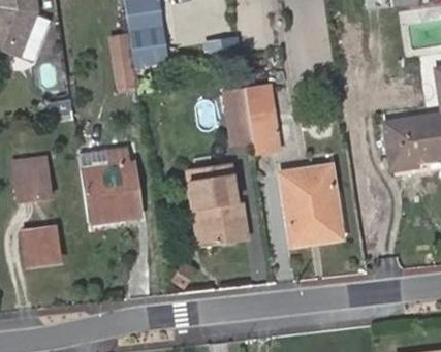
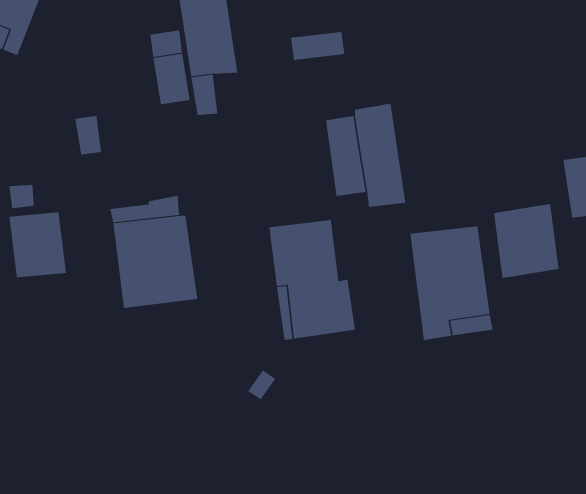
building: none -> [494,203,559,279]
building: [22,225,60,265] -> none

